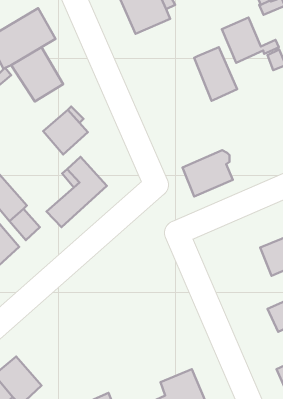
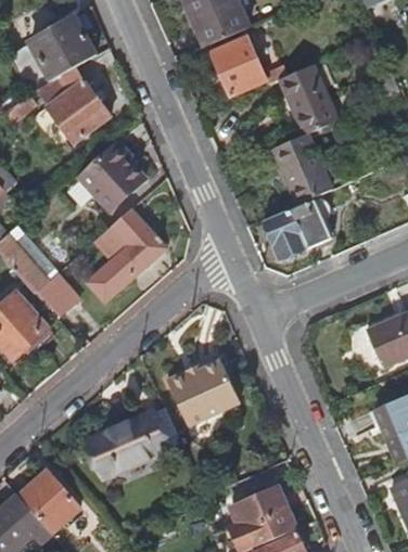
building: [222,17,279,63] -> [208,38,283,98]
building: none -> [270,134,330,205]
building: none -> [167,361,239,424]
building: none -> [86,407,178,473]

